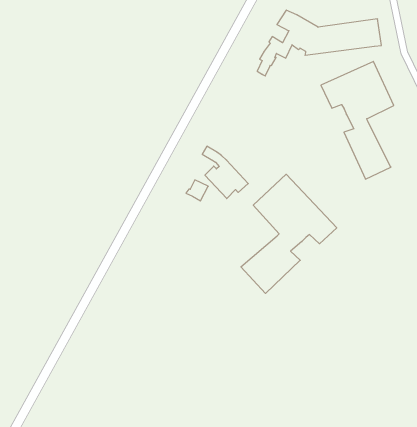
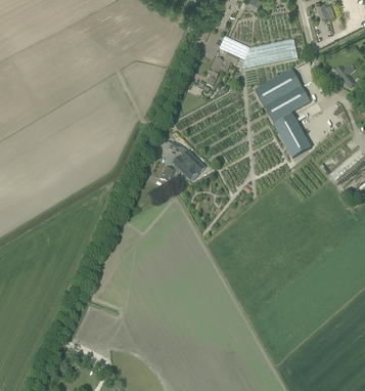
building: [241,174,337,293] -> none

